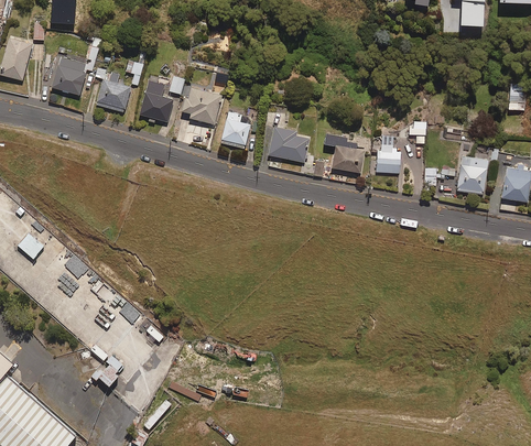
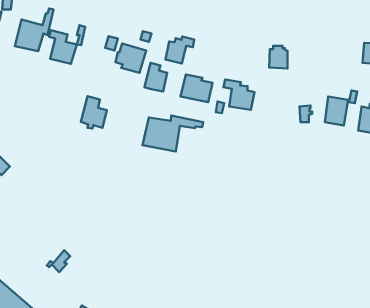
building: none -> [165,37,194,63]
building: [139,79,173,122] -> [81,96,107,129]
building: [376,144,400,174] -> [269,46,287,68]
building: none -> [143,116,203,151]

